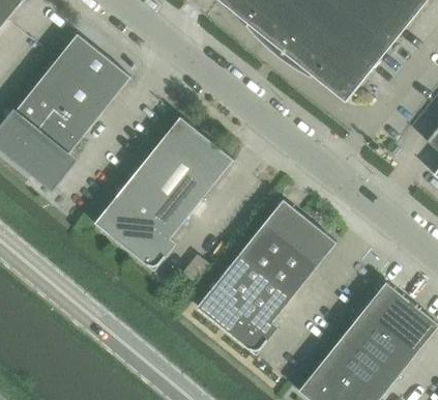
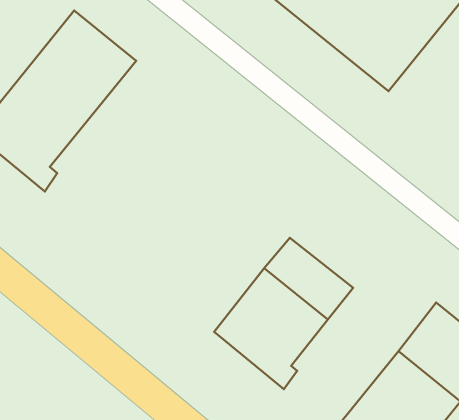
building: [94,117,234,272] -> none
building: [261,200,337,269] -> none

